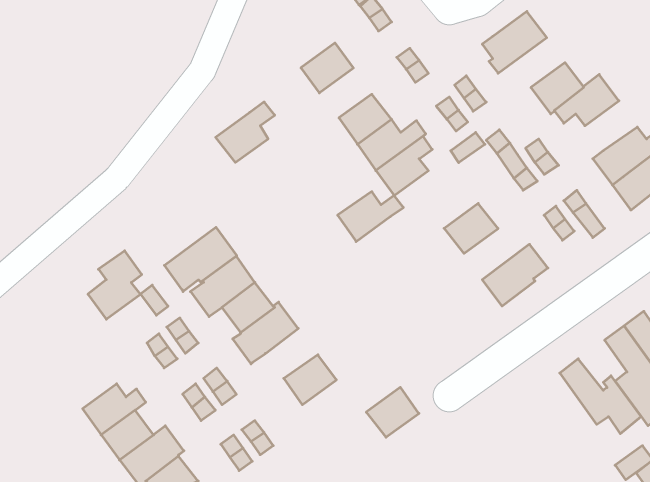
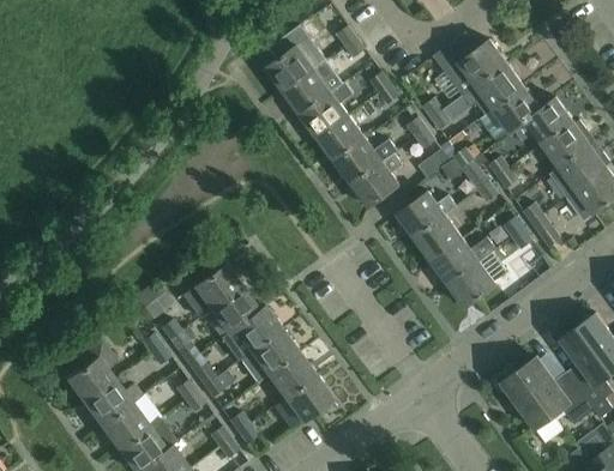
building: none -> [266,38,315,91]
building: none -> [463,64,524,109]
building: none -> [542,120,590,167]
building: [216,102,275,162] -> [300,81,354,137]
building: [338,192,403,242] -> [397,192,457,237]
building: none -> [432,236,496,284]
building: [164,227,237,292] -> none
building: [88,251,142,319] -> [67,339,116,401]
building: none -> [239,328,299,382]
building: none -> [501,369,564,442]
building: [366,387,419,437] -> [284,375,332,421]

